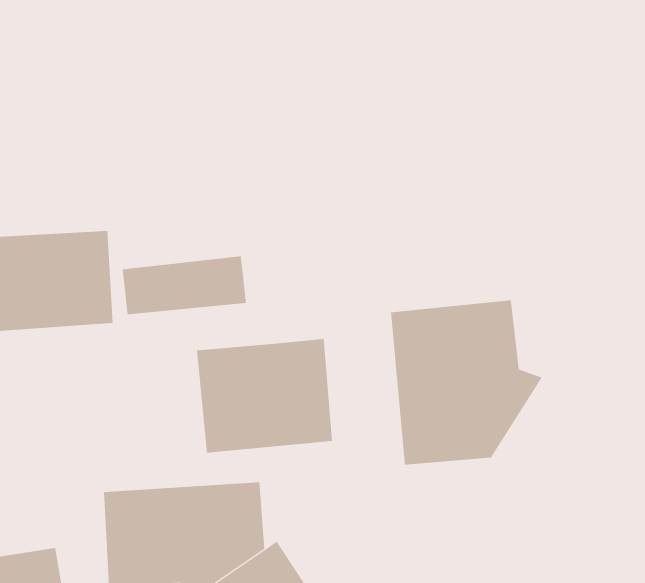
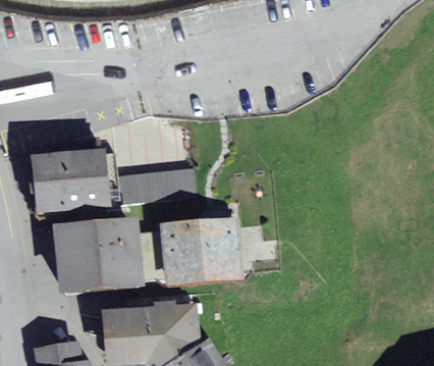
building: [390,300,543,465] -> none
building: none -> [56,217,146,296]

